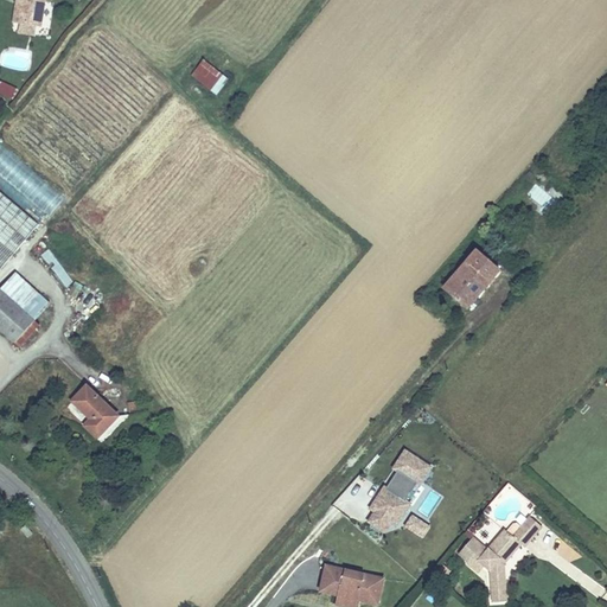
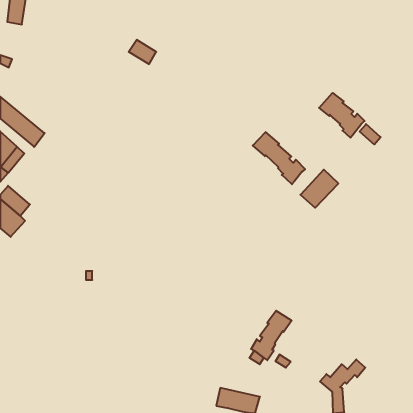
building: none -> [319,93,365,138]
building: none -> [253,132,305,184]
building: [71,382,116,433] -> none

